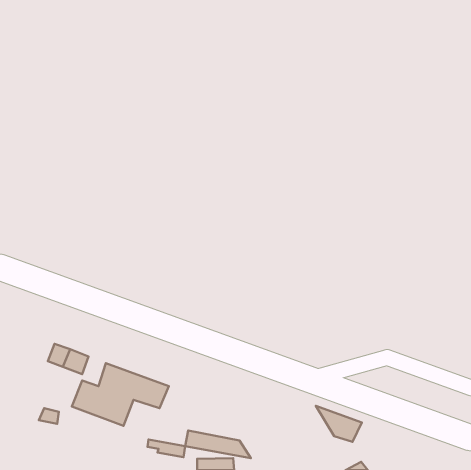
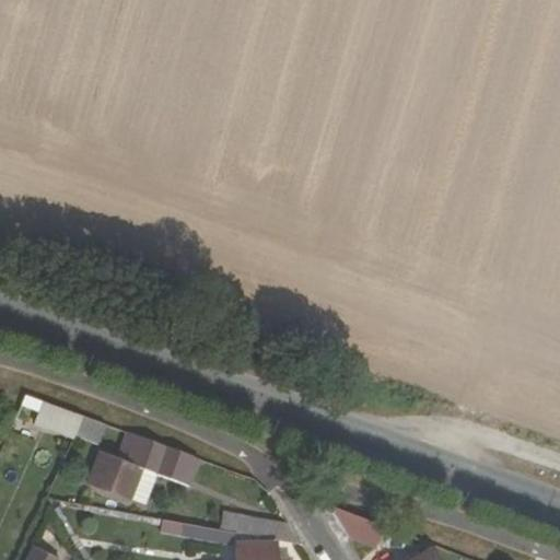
building: [316,406,362,442] -> [329,508,384,550]

